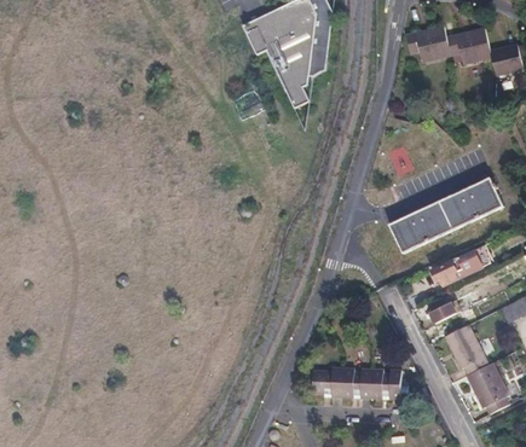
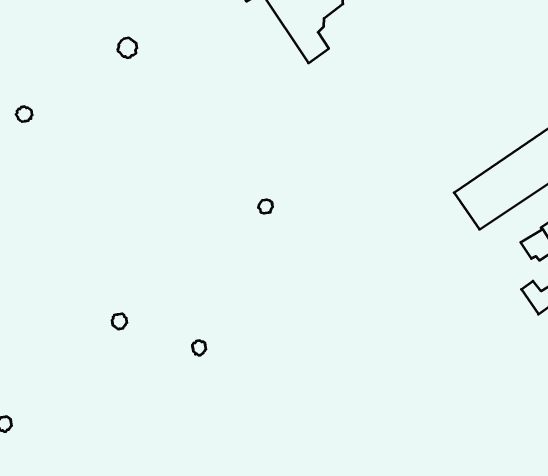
building: [312,366,401,399] -> none

